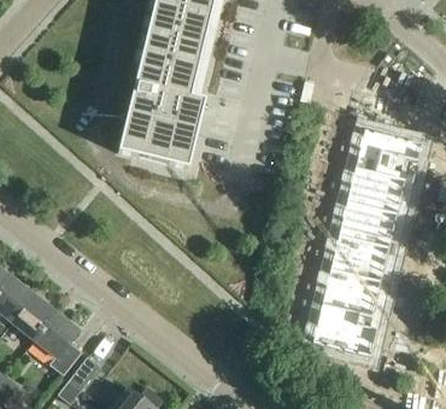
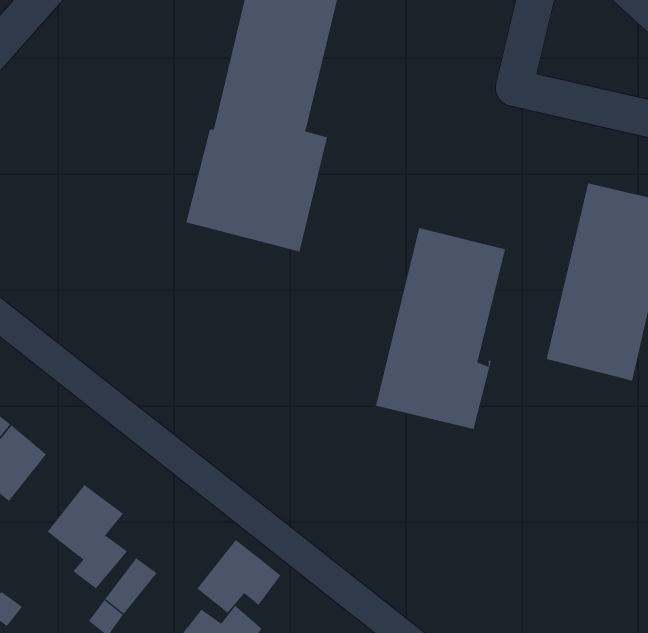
building: [310,235,389,358] -> [375,227,506,430]
building: [10,293,55,340] -> none
building: none -> [197,539,281,613]

